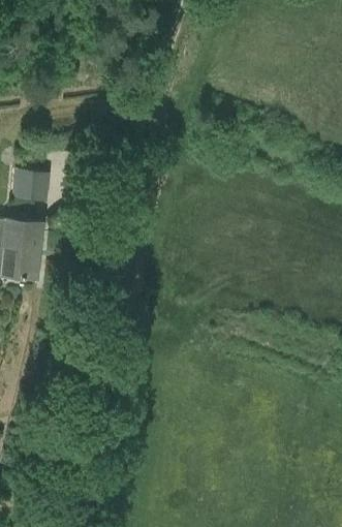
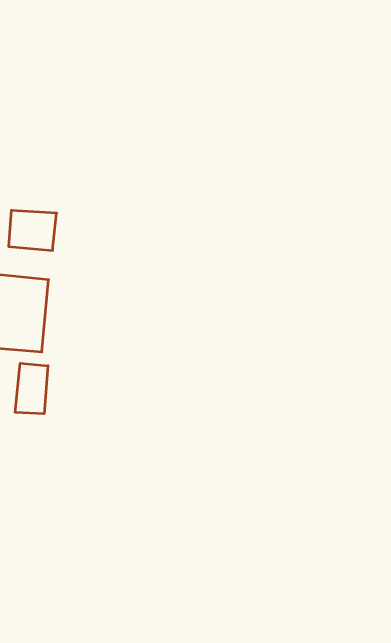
building: none -> [15,363,48,414]

